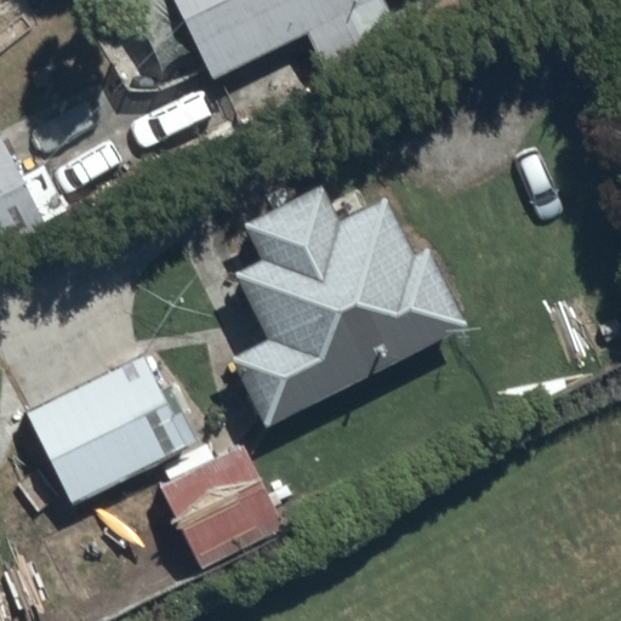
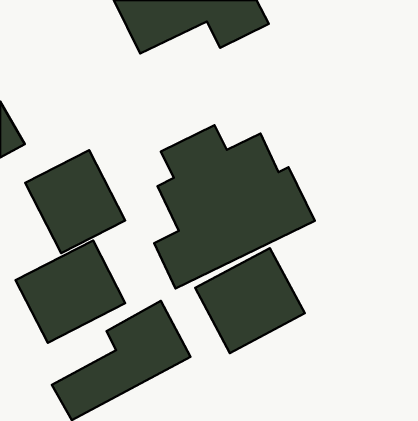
building: none -> [25,150,125,253]
building: none -> [195,248,305,353]

